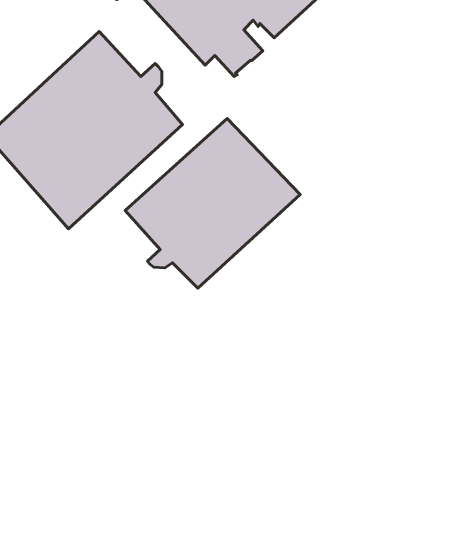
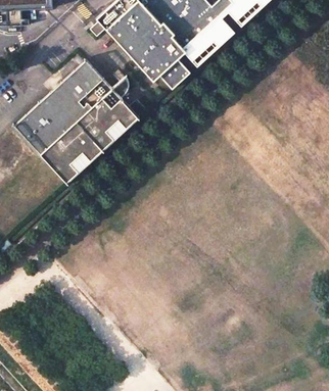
building: [125,118,300,288] -> none

